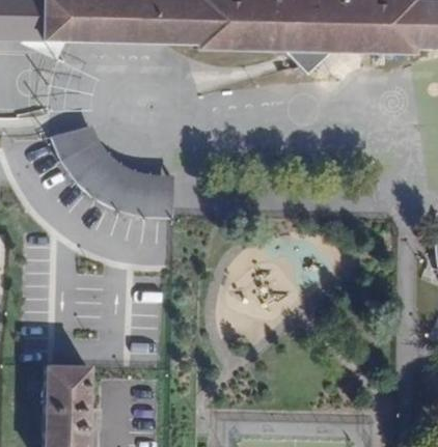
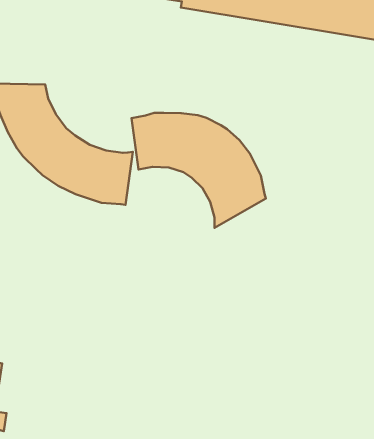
building: none -> [132,113,266,228]

